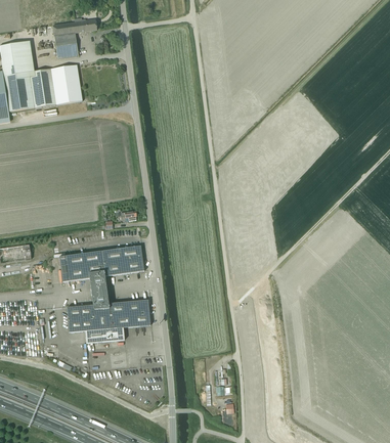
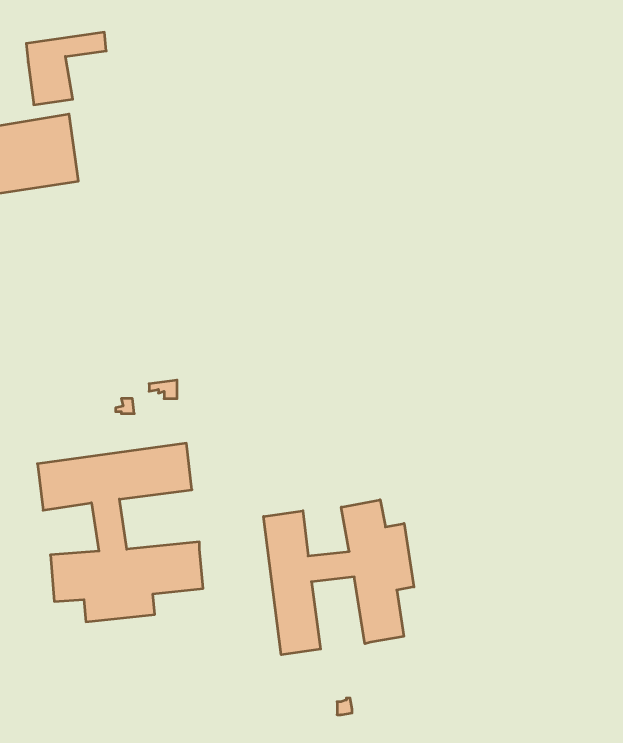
building: none -> [264,500,414,655]

